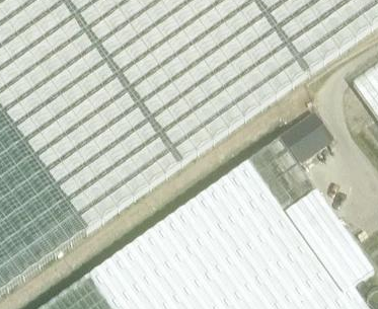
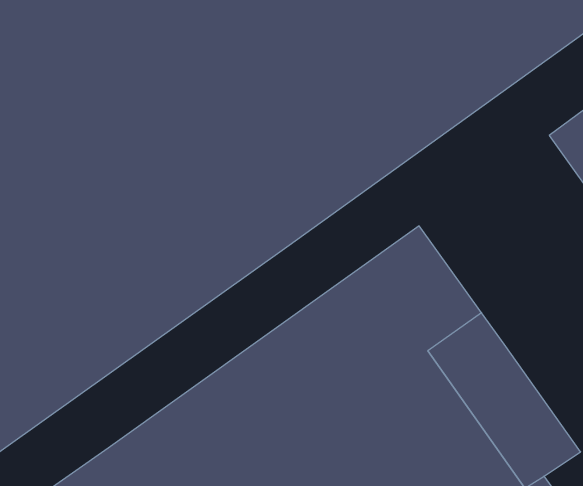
building: [281,115,333,166] -> none

